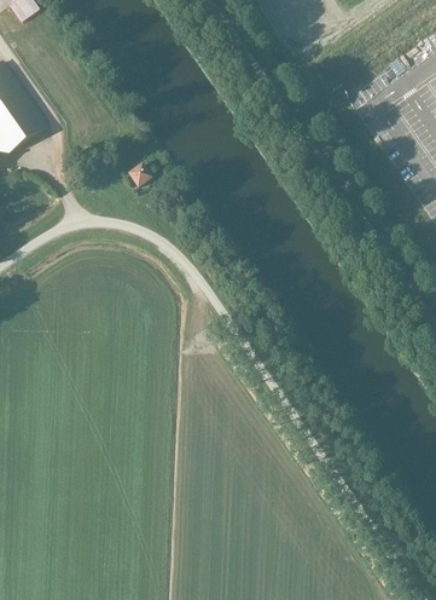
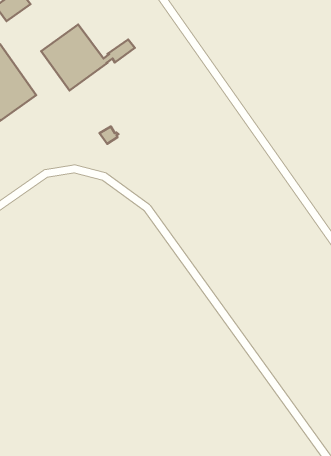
building: none -> [41,24,135,91]

